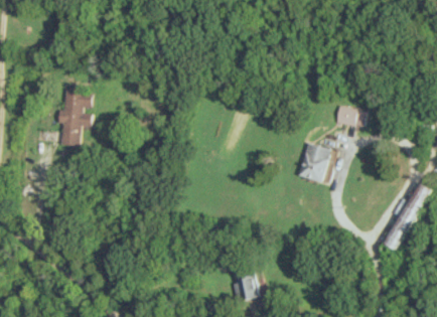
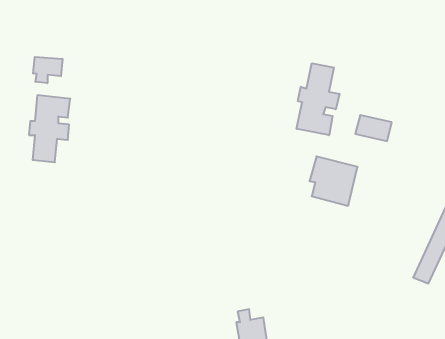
building: none -> [33,57,62,83]
building: none -> [297,63,339,135]

